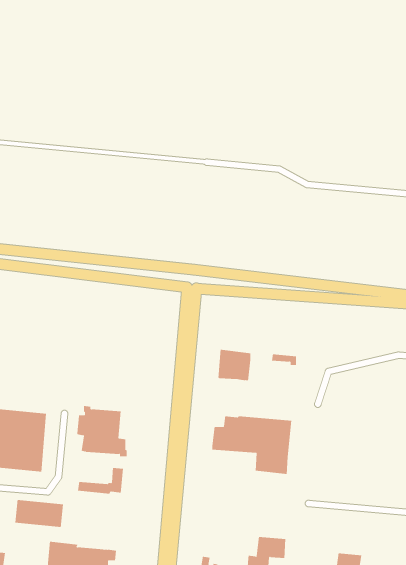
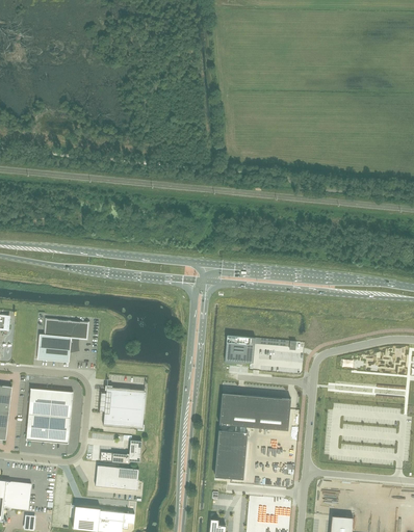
building: none -> [37,319,88,362]
building: none -> [215,429,248,479]
building: [15,500,64,528] -> [96,464,139,489]

